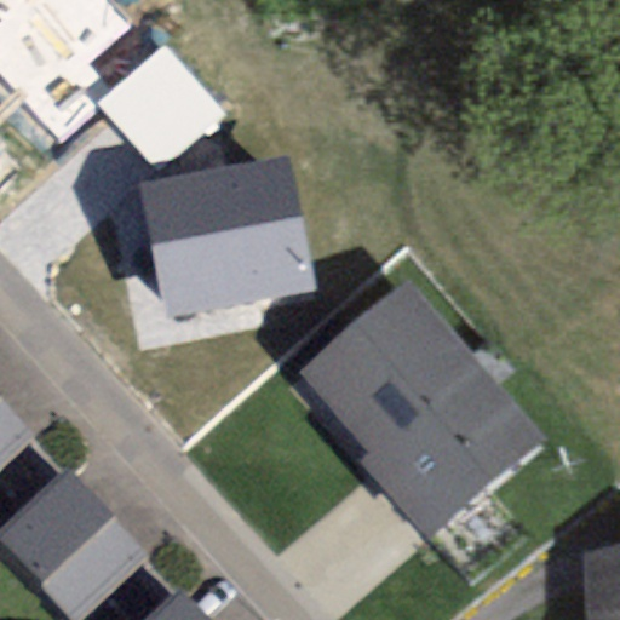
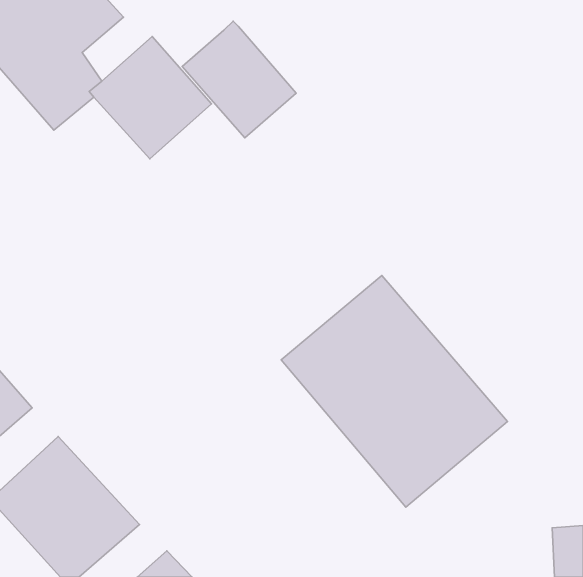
building: none -> [182,21,296,138]
building: [139,154,316,312] -> none

